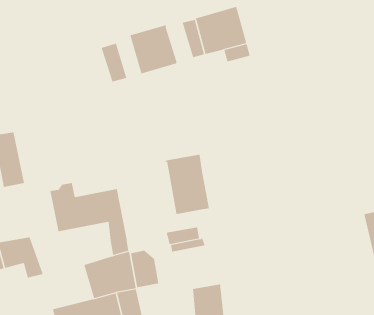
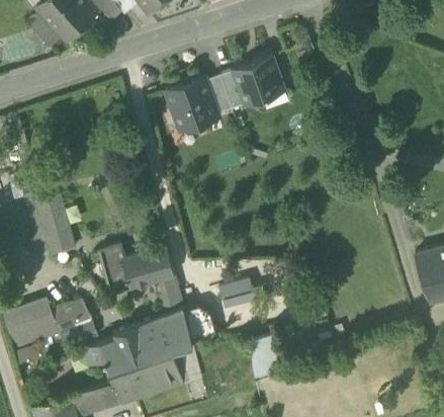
building: [101,43,127,82] -> [203,75,232,114]
building: [164,154,210,215] -> none
building: none -> [84,325,150,371]

